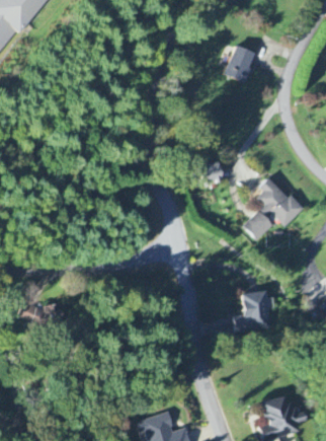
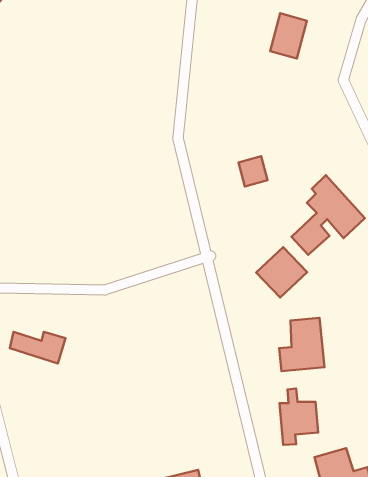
building: none -> [256,247,307,298]
building: none -> [279,388,318,445]

